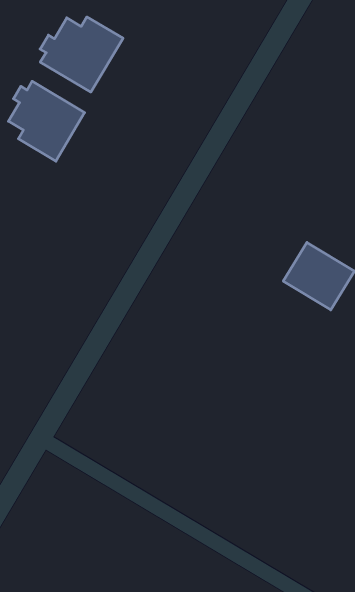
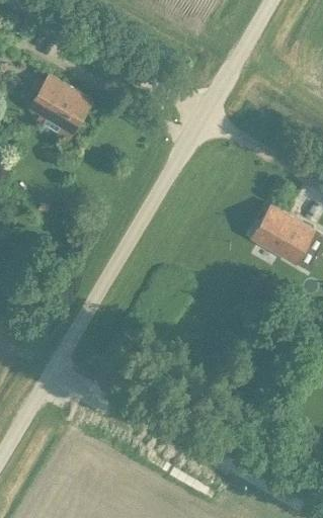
building: [40,17,123,92] -> none

